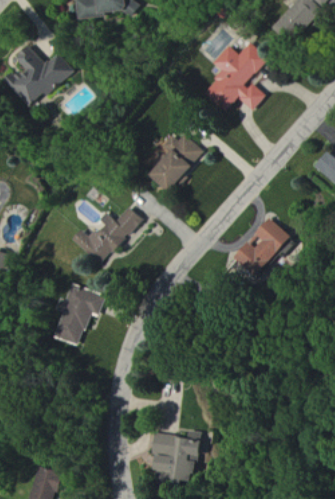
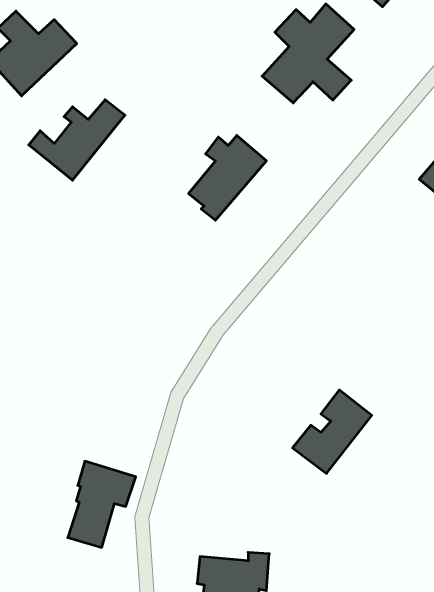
building: [74,207,142,264] -> [29,100,125,180]
building: [234,217,290,276] -> [293,390,372,473]
building: [59,282,107,343] -> [68,461,136,547]

